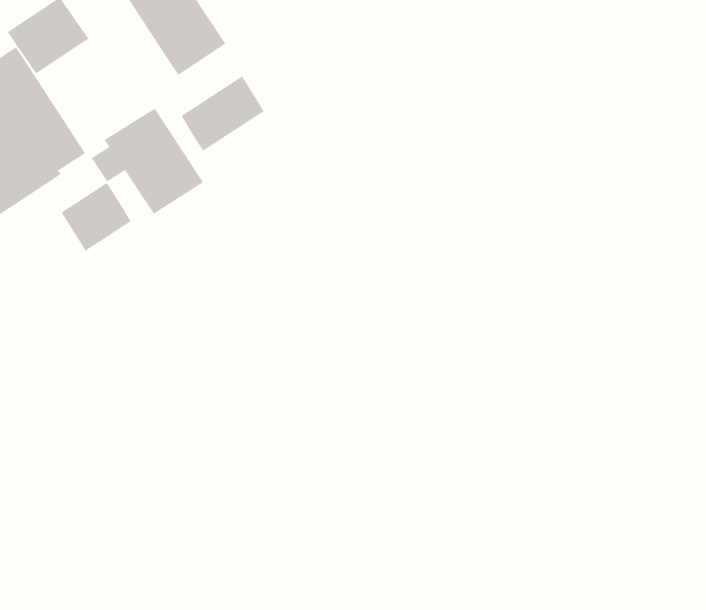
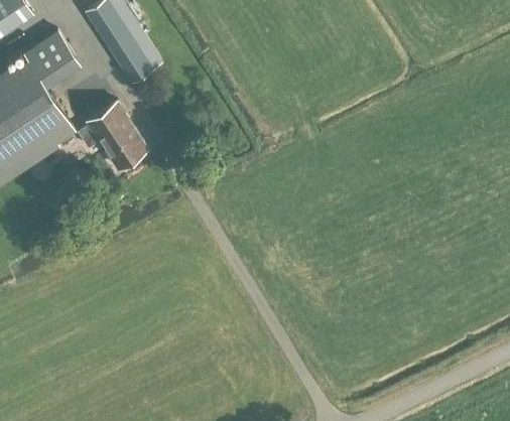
building: [181,75,264,152] -> none
building: [61,182,131,251] -> none

